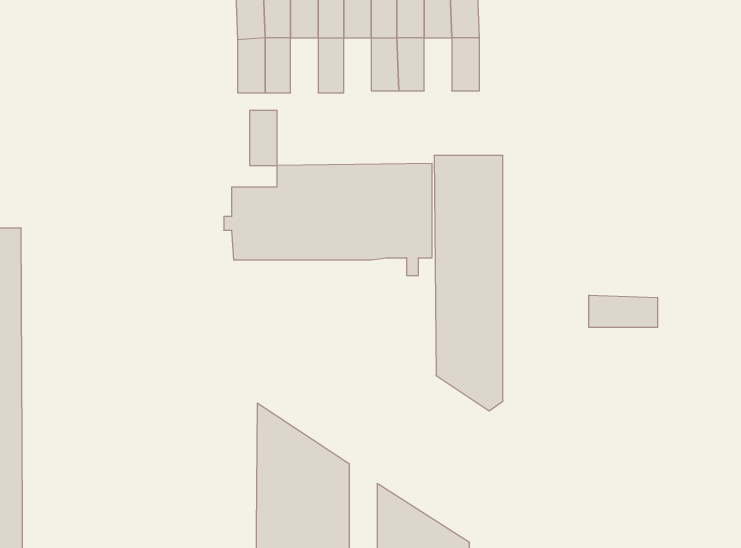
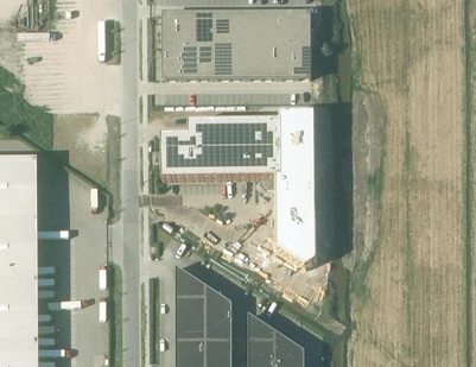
building: none -> [229,42,246,75]
building: none -> [278,42,294,74]
building: [250,110,277,165] -> [197,42,214,75]
building: [589,295,657,328] -> none

